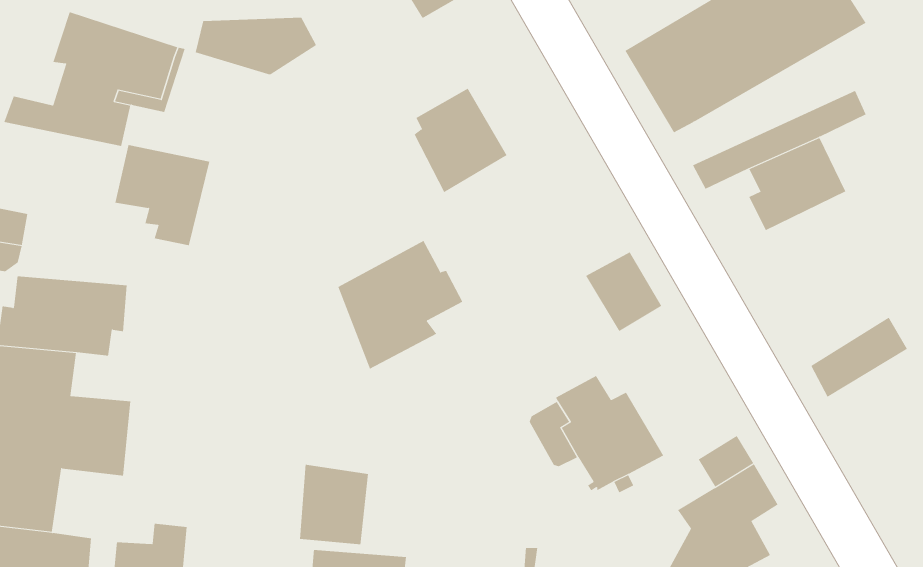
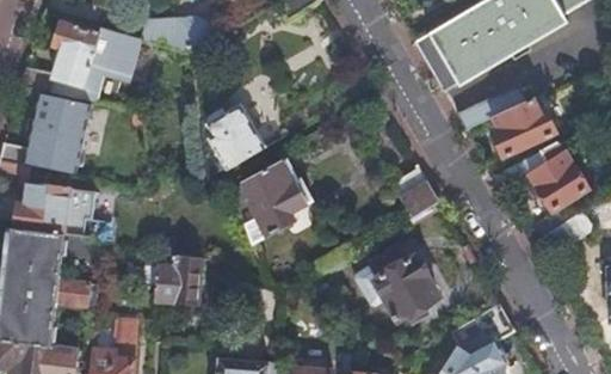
building: [414,88,508,193] -> [205,102,265,168]
building: [115,145,210,246] -> [27,93,88,158]
building: none -> [493,141,590,210]
building: [299,464,369,545] -> [155,251,199,302]

